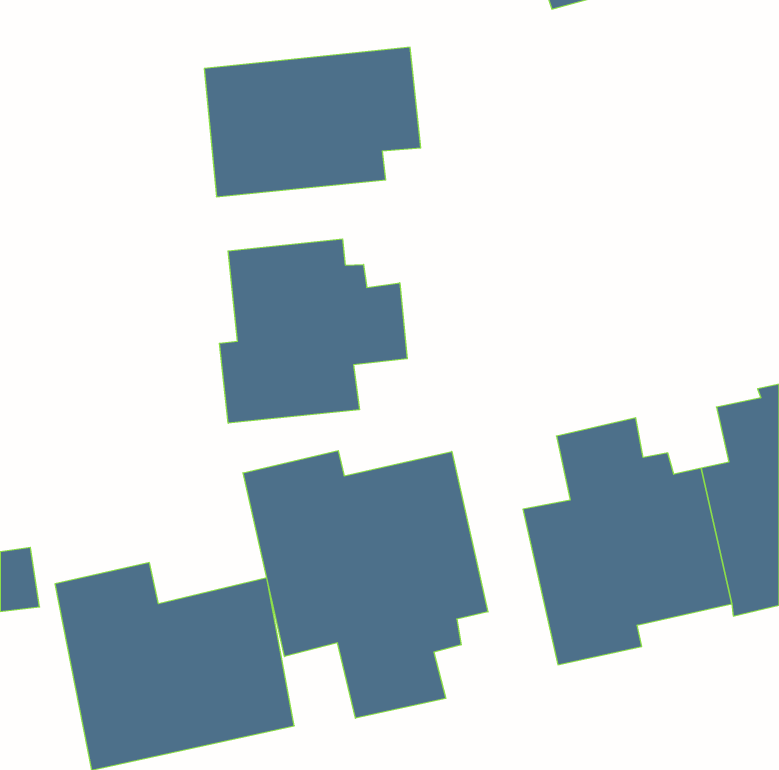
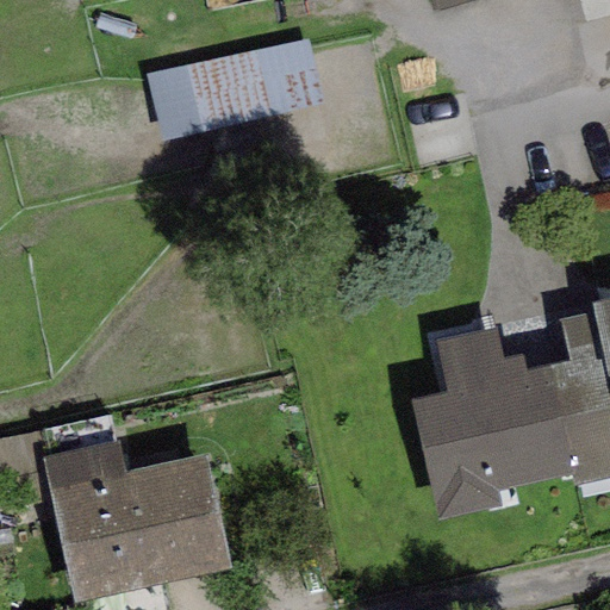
building: [219,239,407,423] -> none
building: [243,451,488,718] -> none

